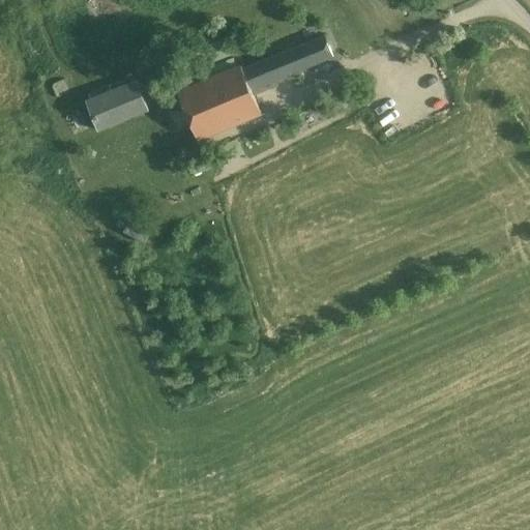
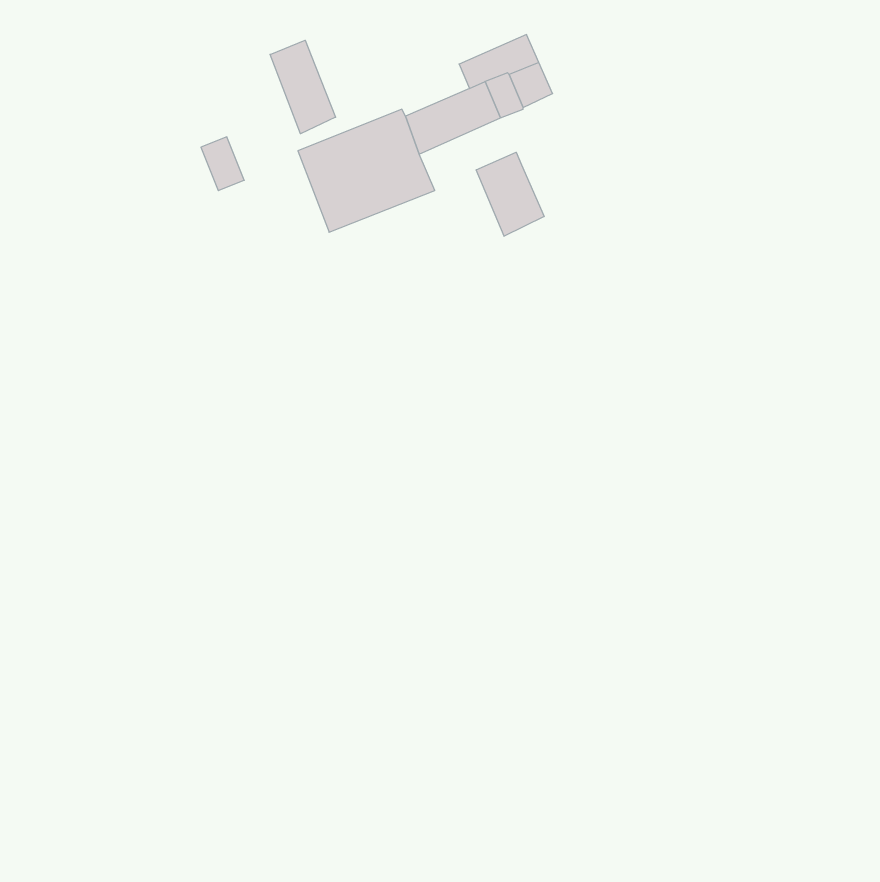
building: none -> [270,40,336,134]
building: [85,90,130,131] -> none
building: none -> [476,152,544,236]

